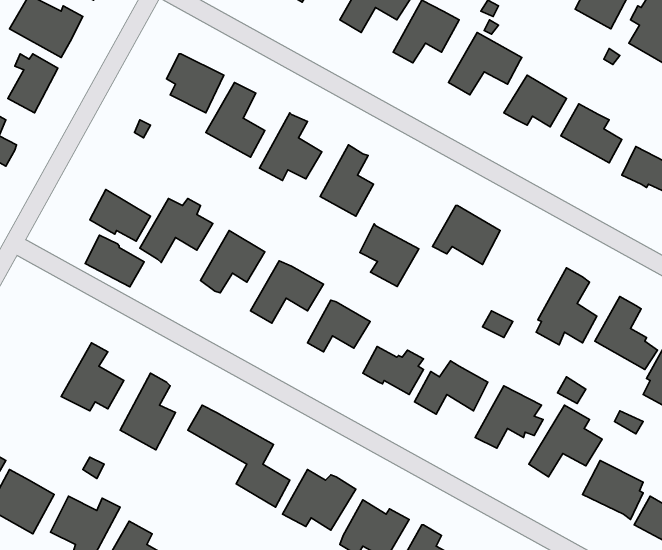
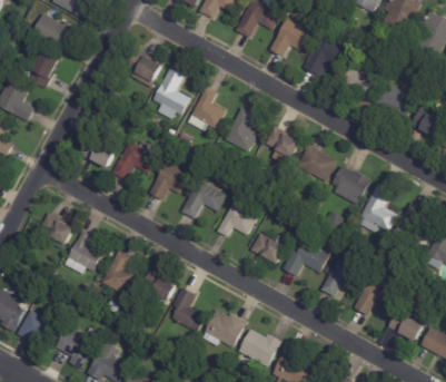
building: [360,224,419,286] -> [265,126,301,165]
building: [85,235,144,287] -> [39,212,76,244]
building: none -> [333,166,370,204]

